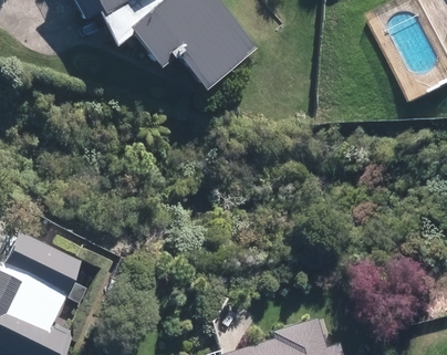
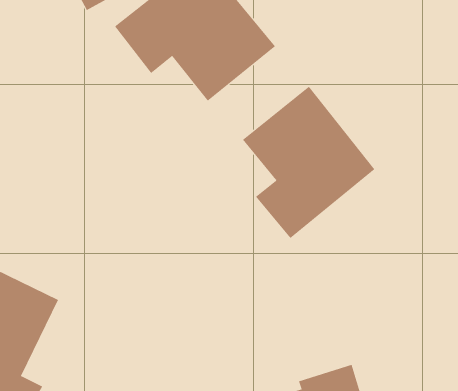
building: none -> [242,86,375,239]

